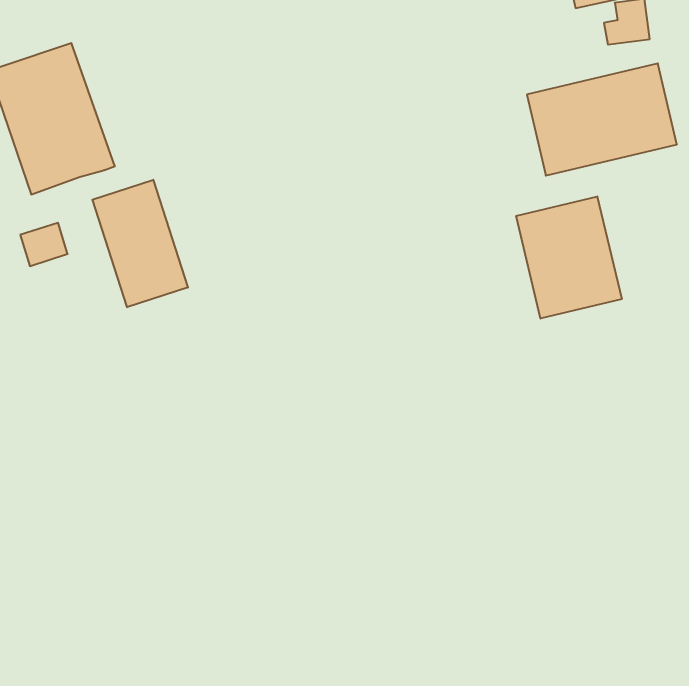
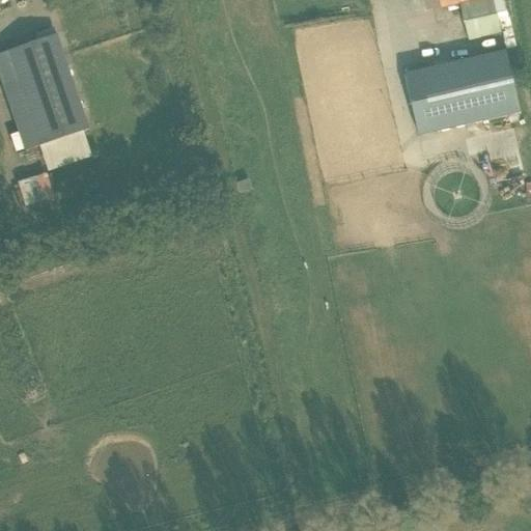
building: [92,180,188,307] -> none
building: [516,196,622,319] -> none

